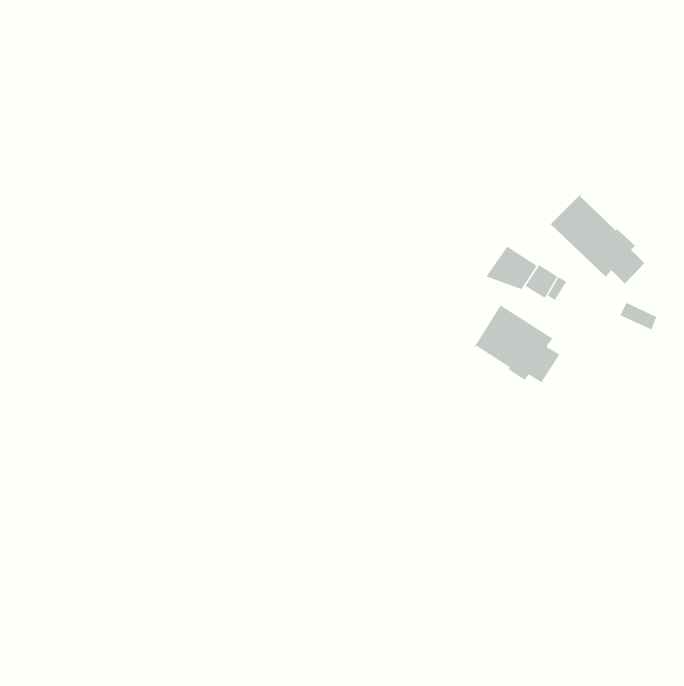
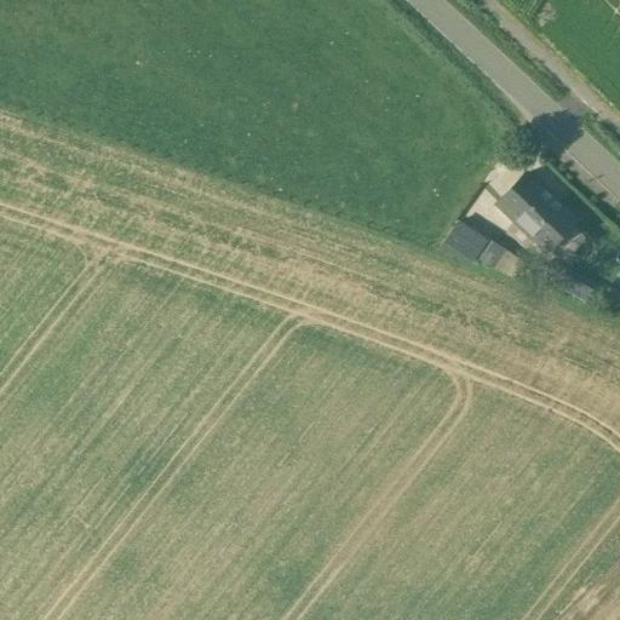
building: [474,304,560,383] -> none

